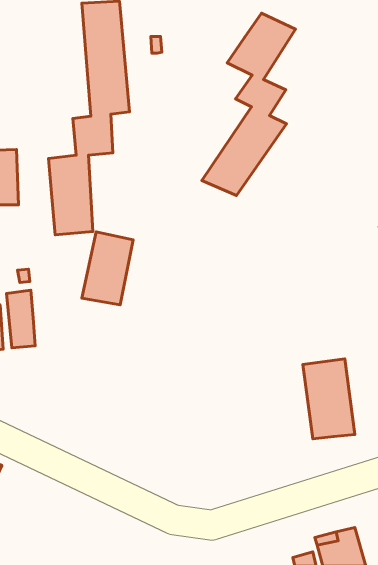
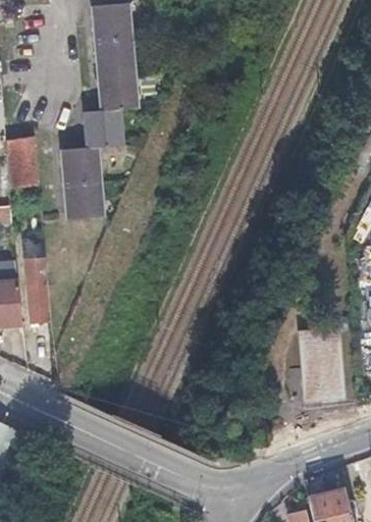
building: [202,13,296,196] -> none
building: [82,232,133,305] -> none

